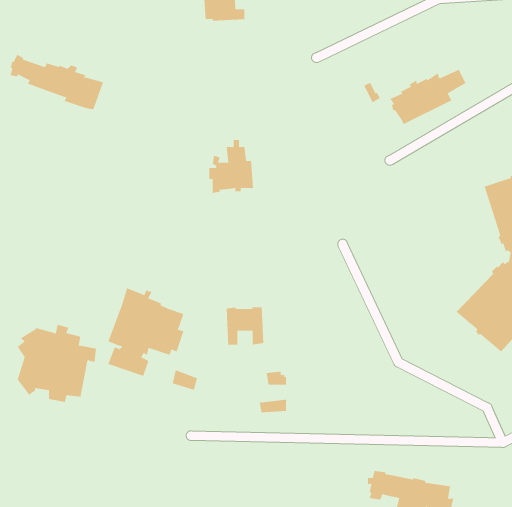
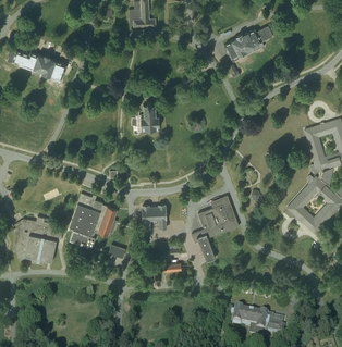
building: [389,69,466,125] -> [224,26,272,61]
building: none -> [192,195,239,260]

